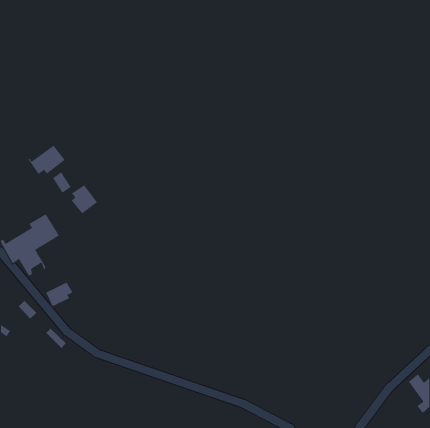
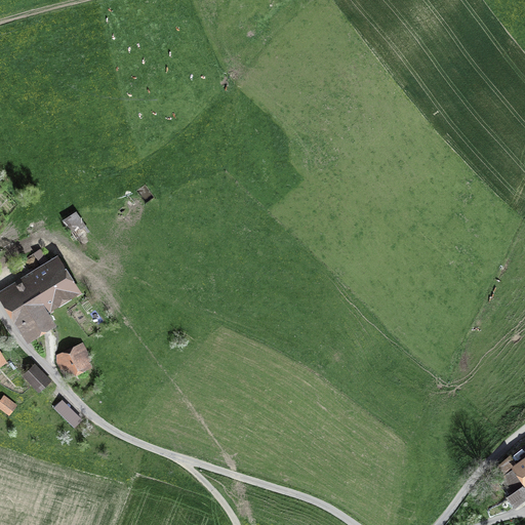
building: [28,145,66,175] -> none
building: [71,182,98,214] -> none

